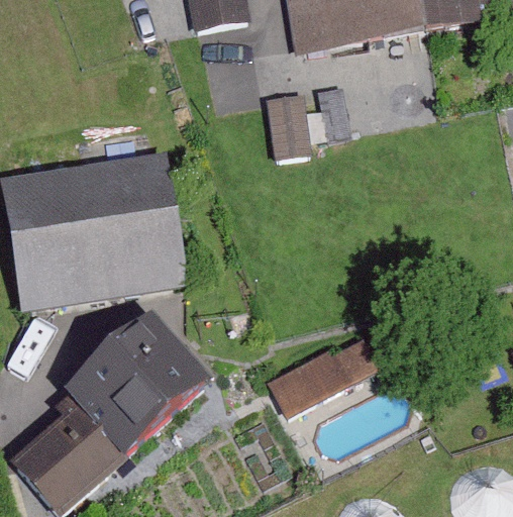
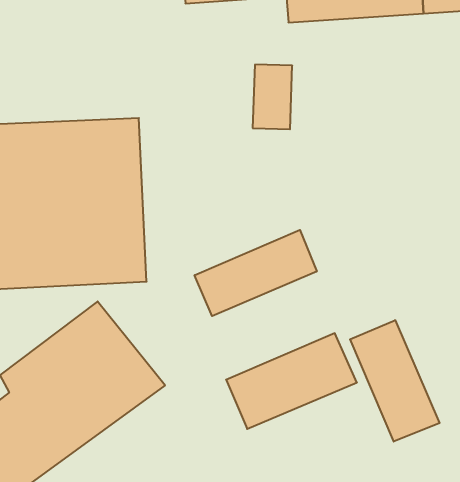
building: none -> [195,230,317,316]
building: none -> [350,320,440,442]

